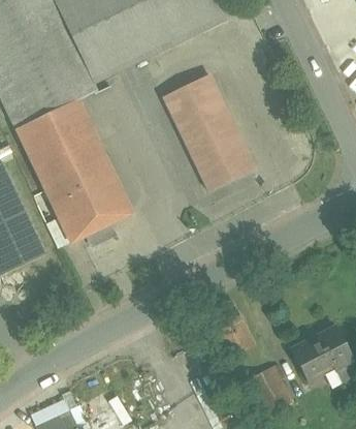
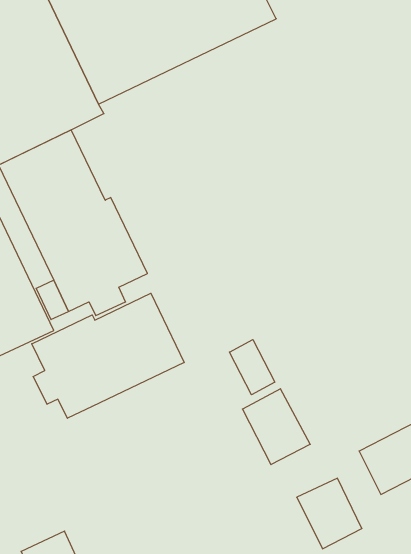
building: [162,73,252,188] -> none
building: none -> [32,293,184,418]
building: none -> [229,340,275,395]

